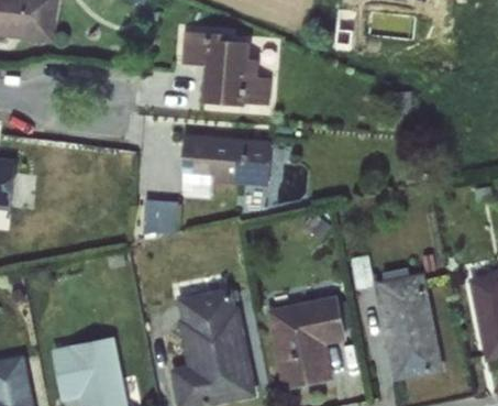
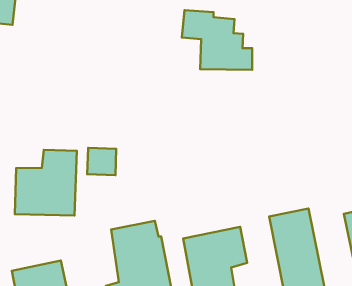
building: [181,31,269,106] -> [182,10,252,70]
building: [180,134,272,194] -> none
building: none -> [15,150,77,216]

